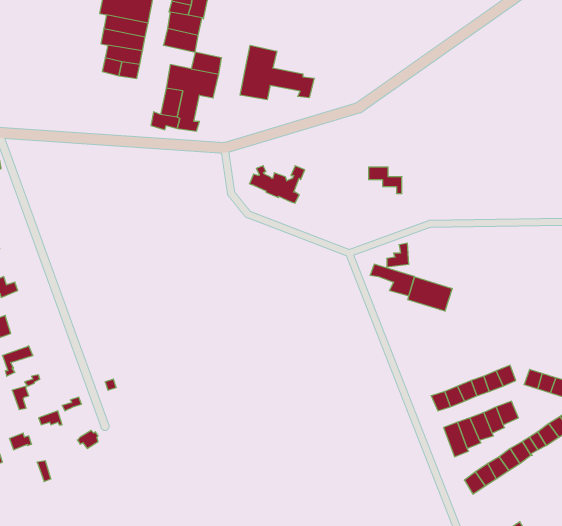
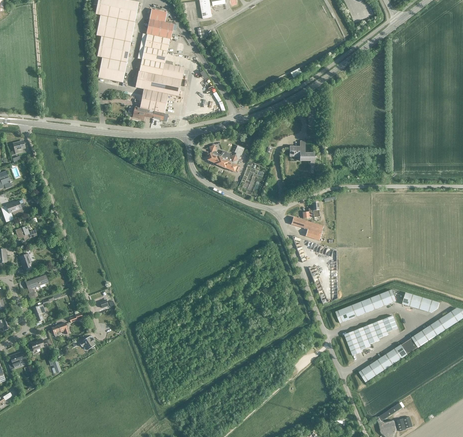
building: none -> [135,58,165,89]
building: [240,45,314,100] -> none
building: [408,277,452,311] -> none

